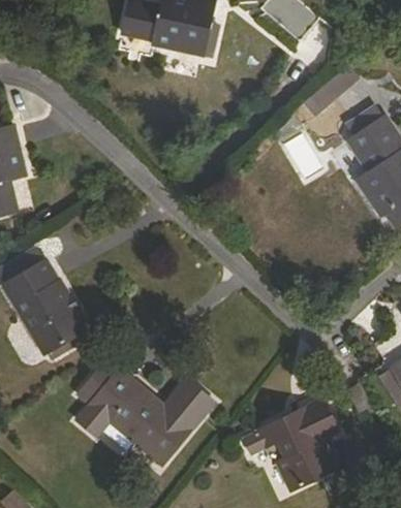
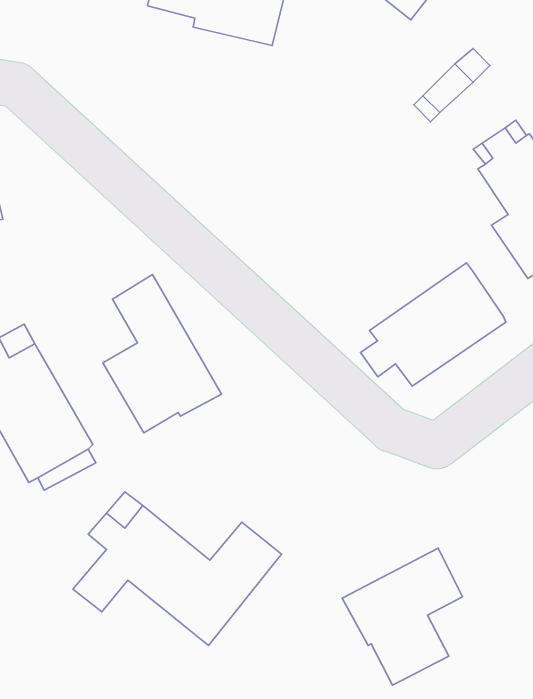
building: none -> [360,263,506,386]
building: none -> [103,274,221,433]

